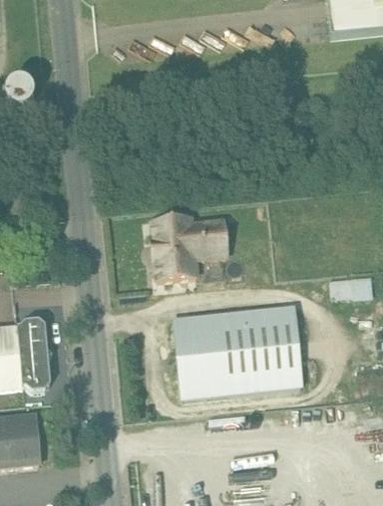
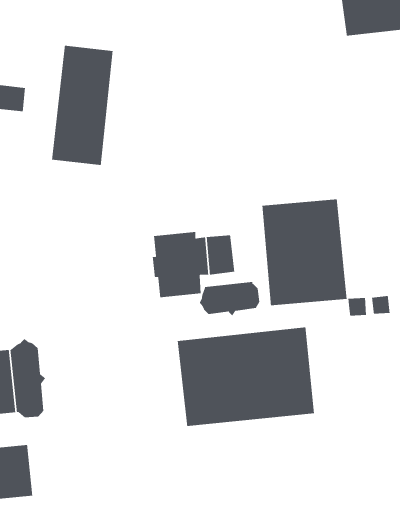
building: none -> [51,45,113,166]
building: none -> [261,199,347,306]
building: none -> [199,281,260,317]

